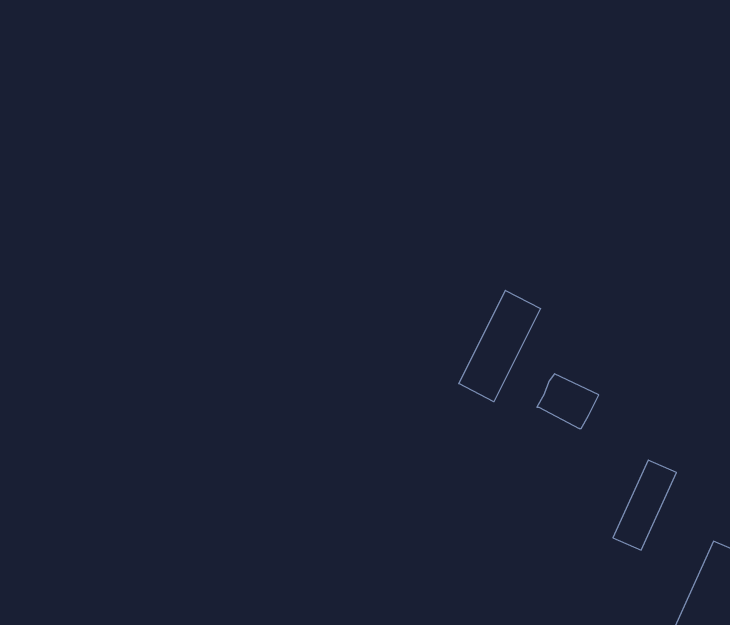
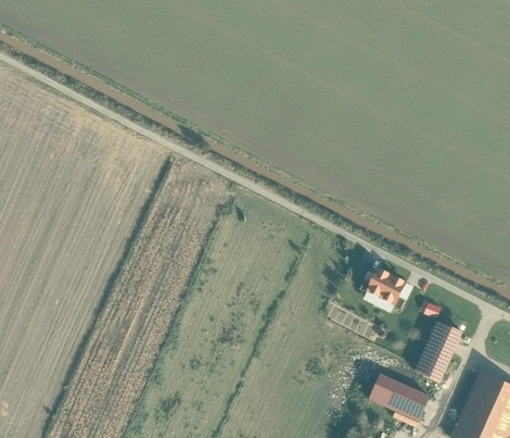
building: [459,290,541,402] -> none
building: none -> [369,372,433,420]

